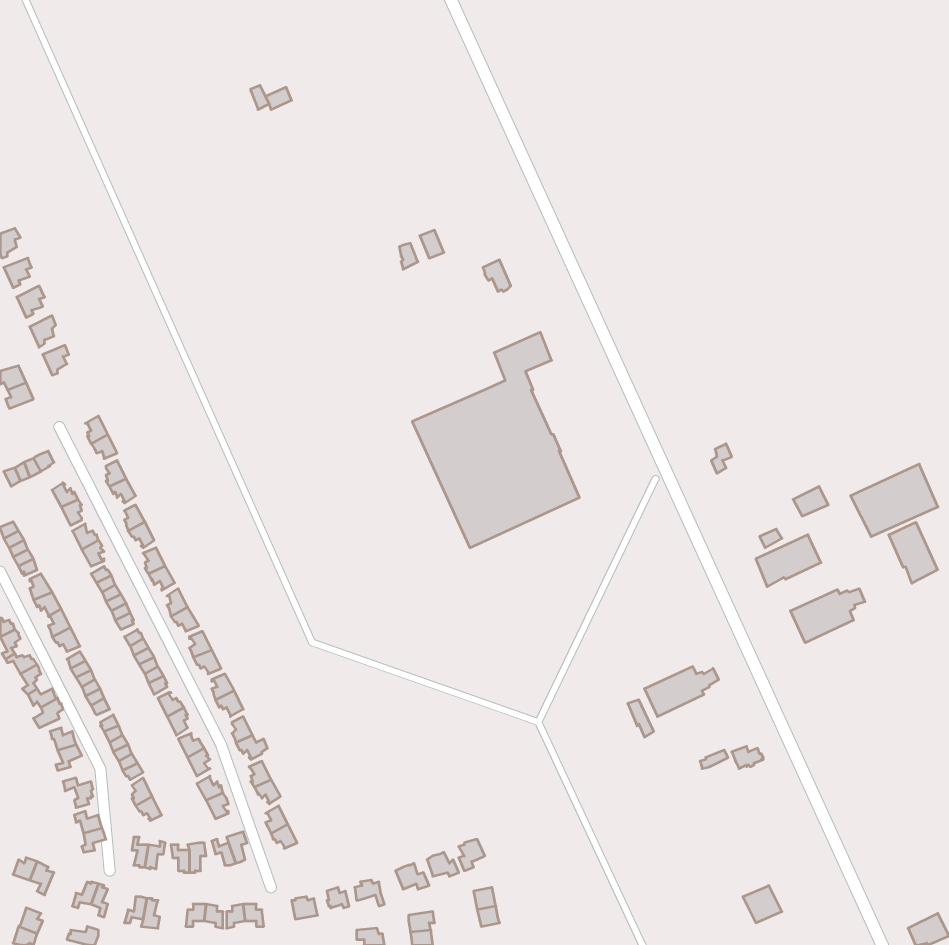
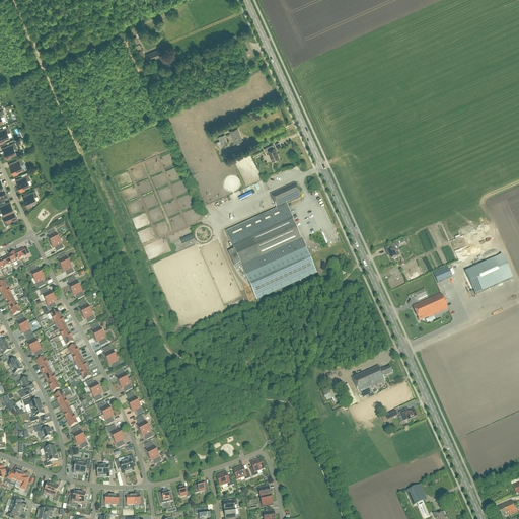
building: [889,522,938,583] -> none
building: [790,589,865,643] -> none

